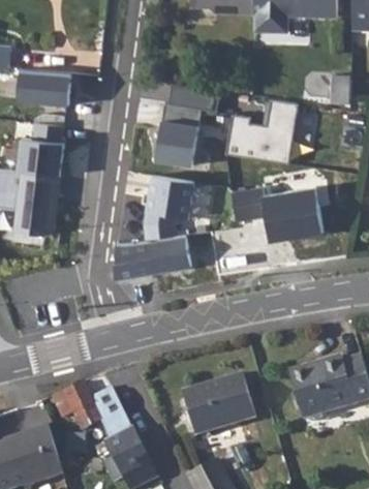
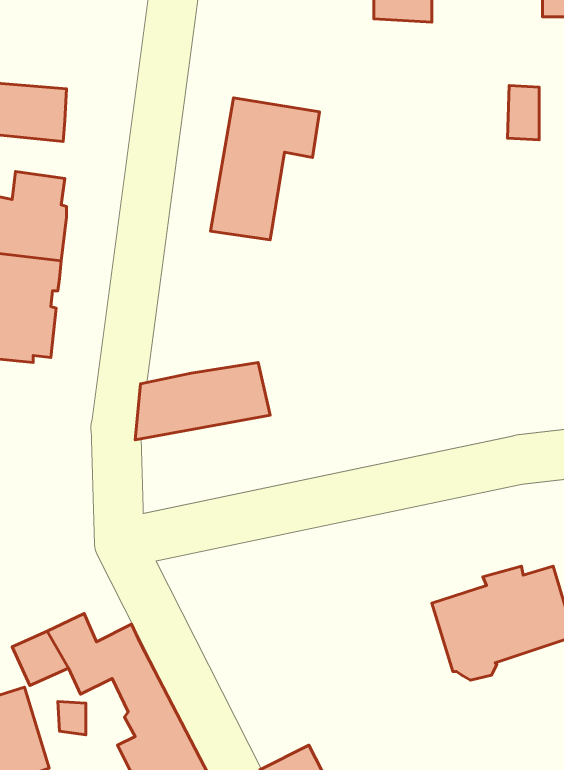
building: [226,99,300,164] -> none
building: [145,174,195,240] -> none
building: [230,189,321,244] -> none
building: [182,373,254,434] -> none

